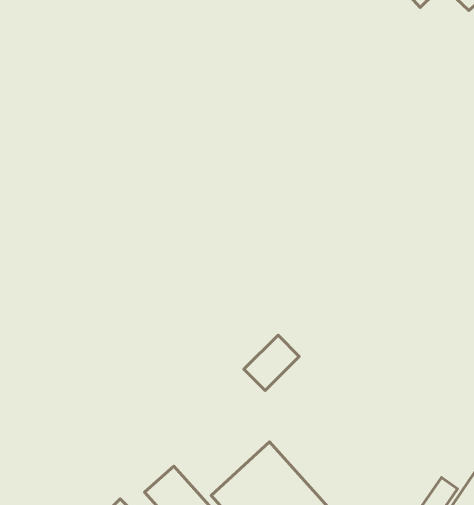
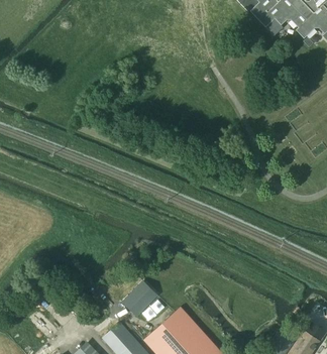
building: [244,335,299,390] -> [122,280,156,315]

